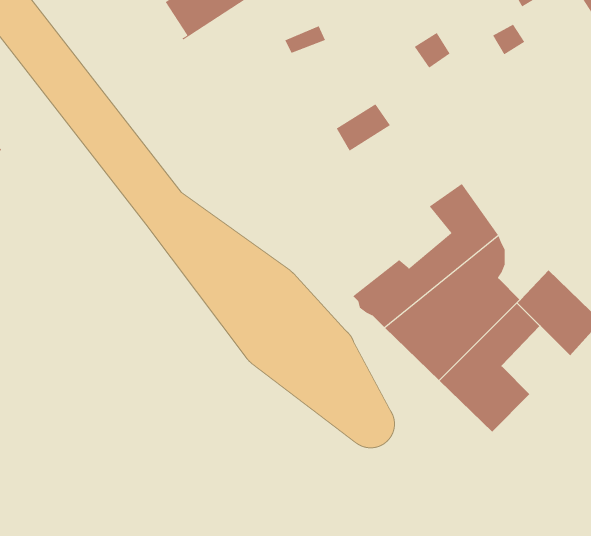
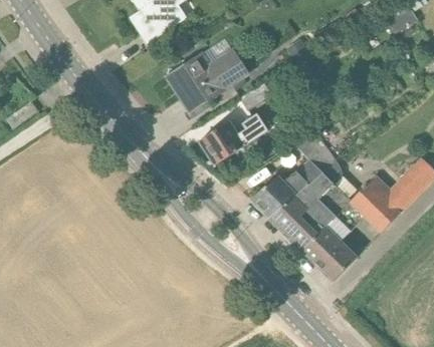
building: none -> [166,49,247,111]
building: none -> [198,103,281,164]

